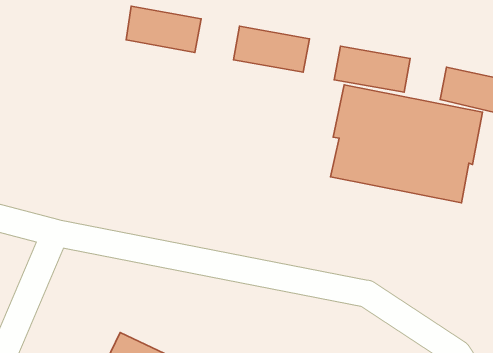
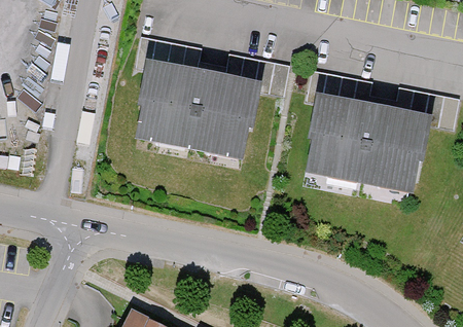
building: none -> [134,71,259,169]

